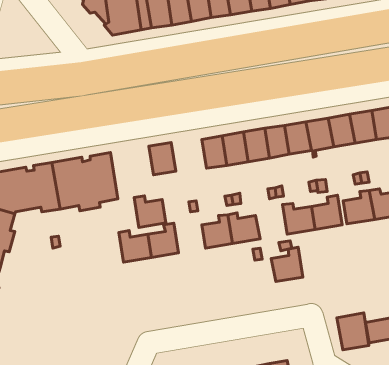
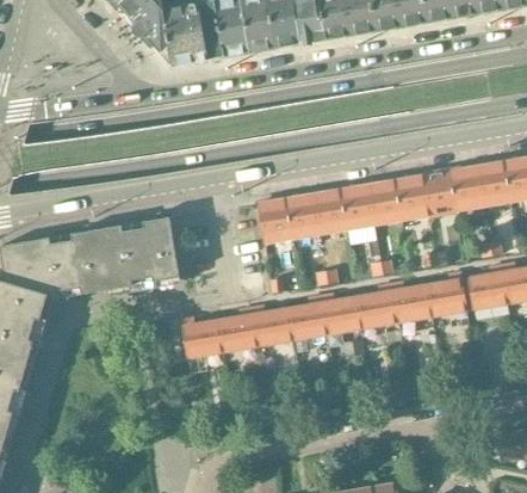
building: [149,142,176,175] -> [258,199,292,241]
building: [134,196,166,227] -> [250,304,291,345]
building: [271,247,303,282] -> [355,283,396,327]
building: [337,313,369,350] -> none

